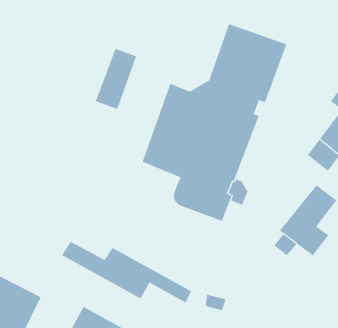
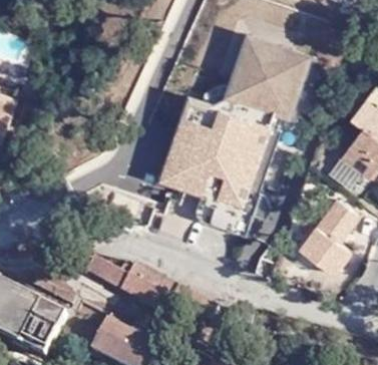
building: [95,48,137,110] -> none

